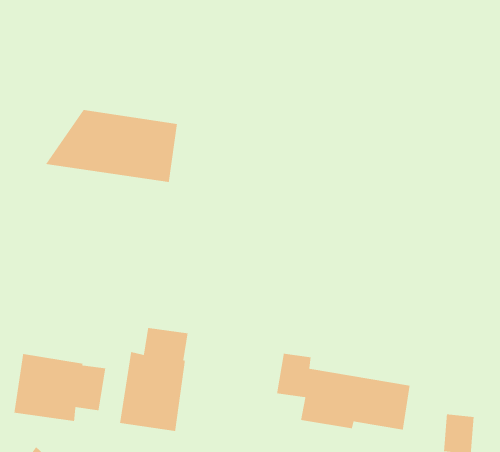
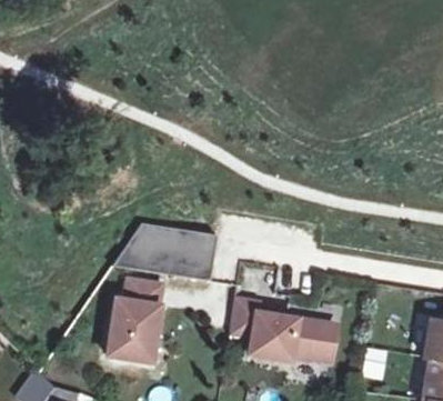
building: [45,109,178,183] -> [112,222,217,280]
building: [13,353,106,422] -> none

